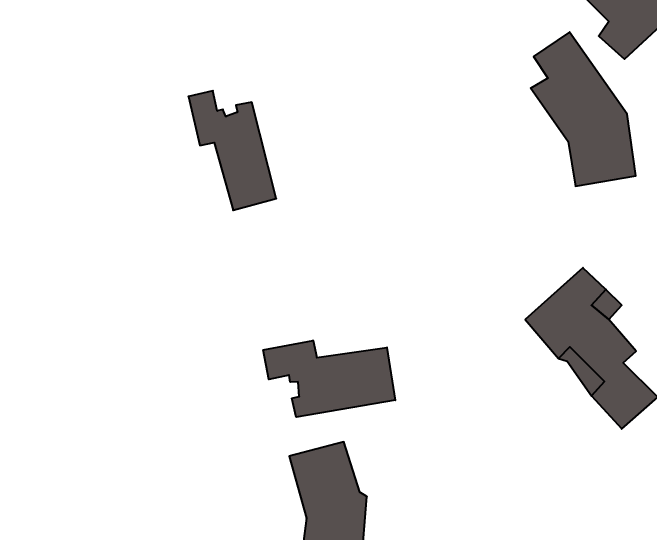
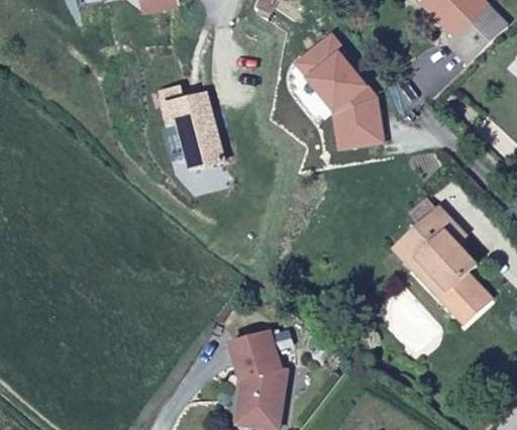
building: [531,32,636,186] -> [307,37,381,145]
building: [263,340,395,417] -> none

